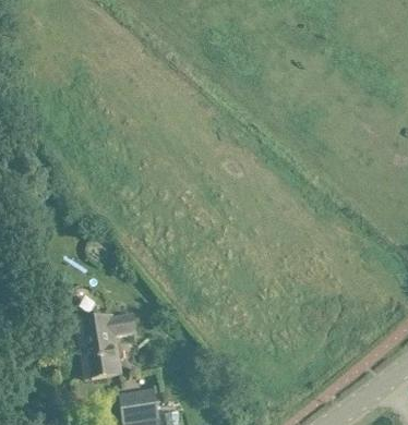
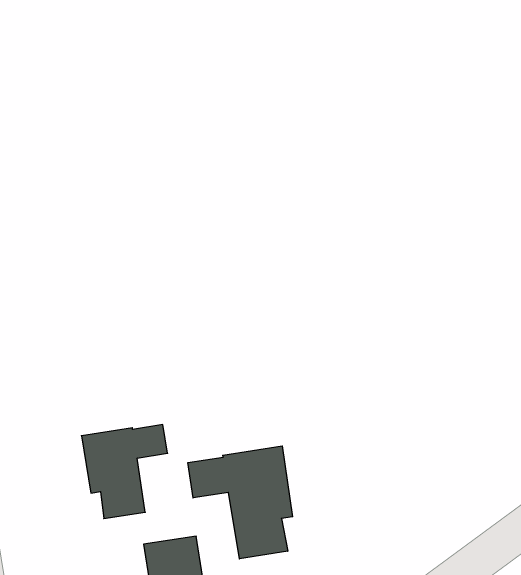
building: none -> [188,446,293,559]

